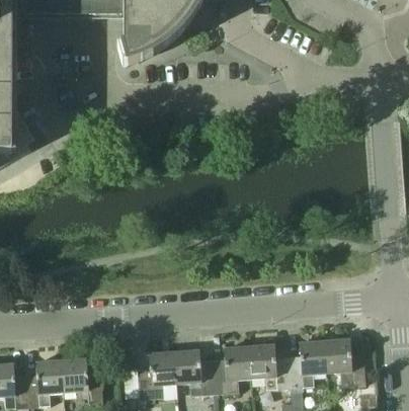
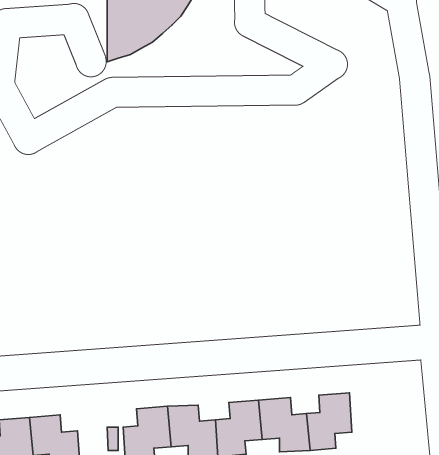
building: [323,338,364,386] -> none

